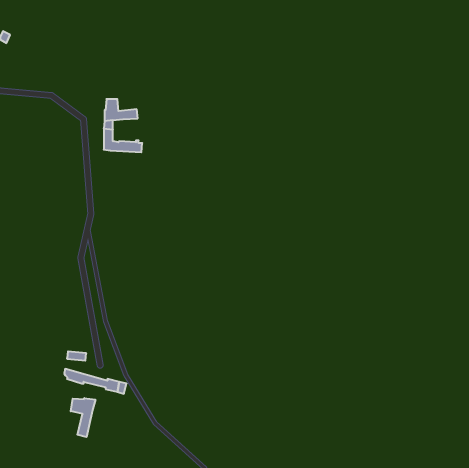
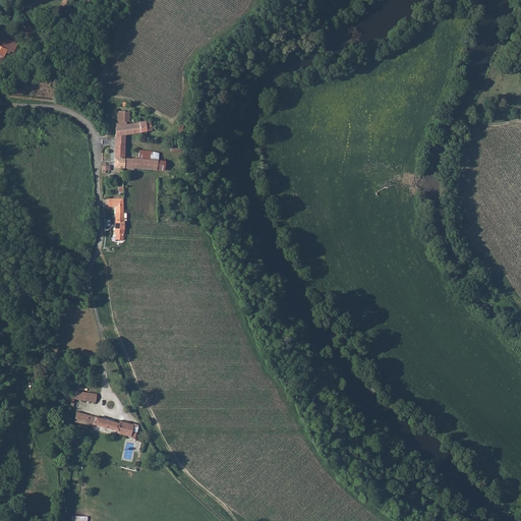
building: none -> [109,196,125,239]
building: [71,398,95,437] -> none

